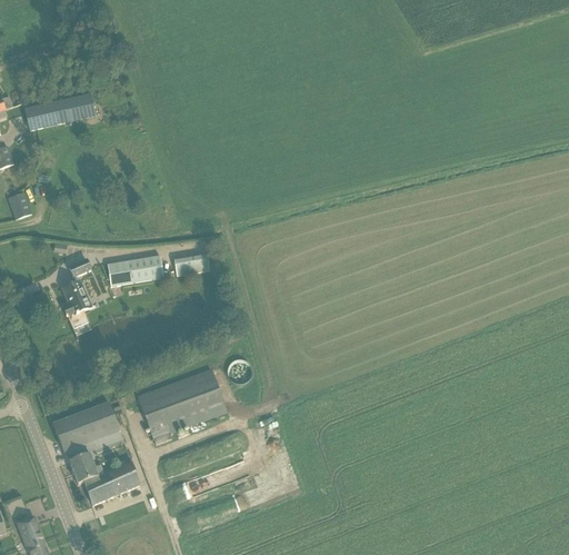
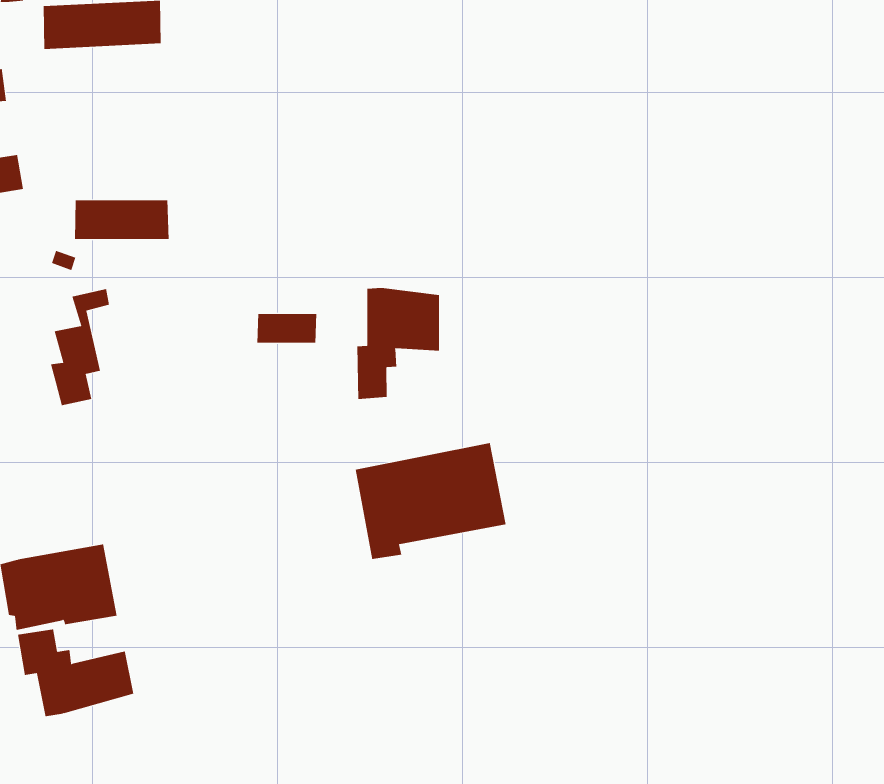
building: none -> [357,287,439,400]
building: [107,254,163,285] -> [74,200,169,240]
building: [137,366,227,443] -> [355,443,506,560]

